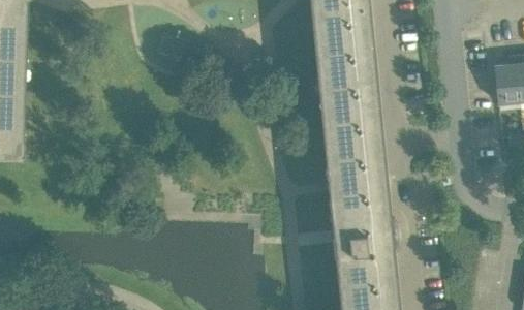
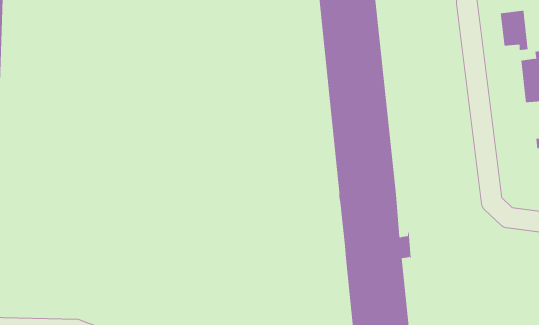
building: none -> [500,10,528,51]

